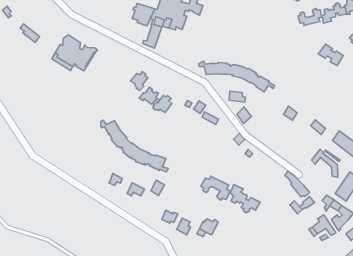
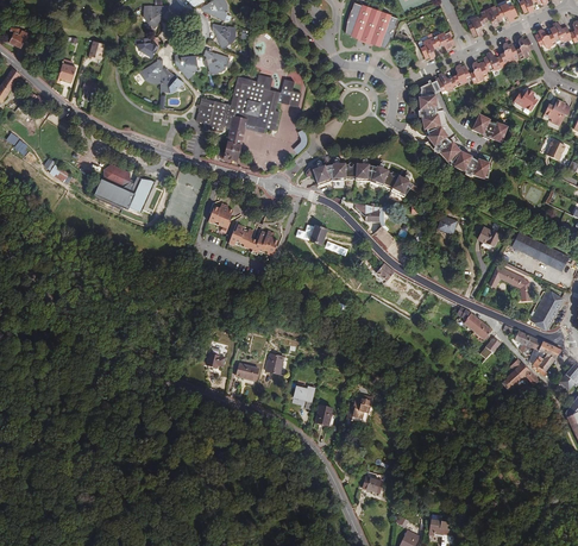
building: none -> [419,81,488,178]
building: [101,120,168,172] -> none
building: [201,176,260,213] -> none

